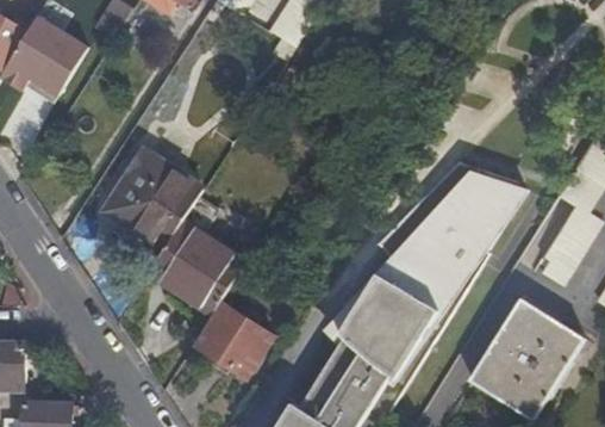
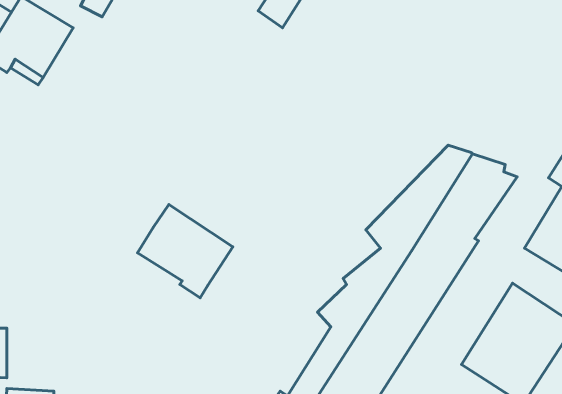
building: [107,154,202,245] -> none
building: [195,302,274,377] -> none

